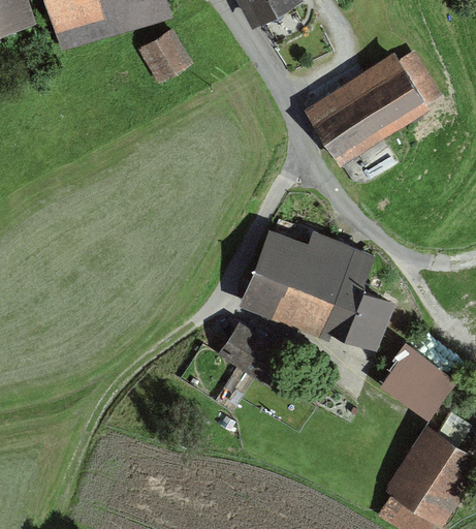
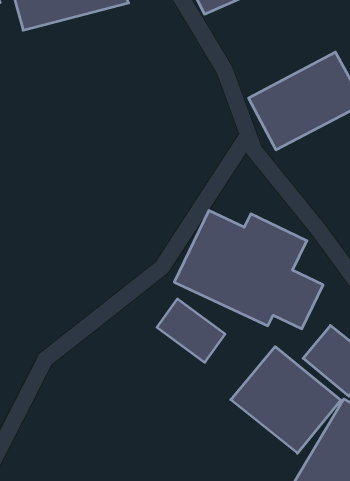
building: [139,32,194,86] -> none
building: none -> [231,347,341,453]

